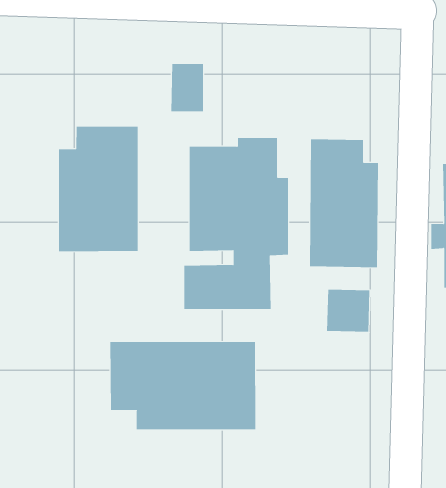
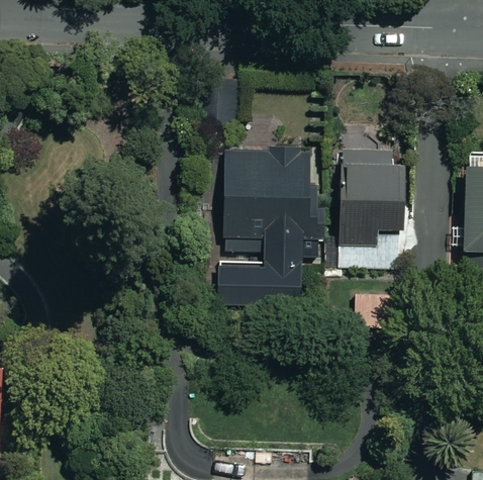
building: [58,126,138,252] -> none
building: [110,341,256,430] -> none

